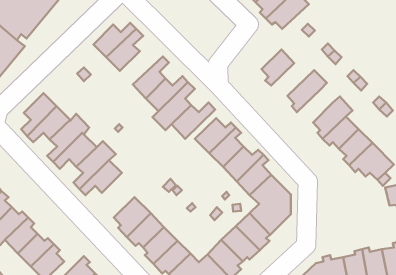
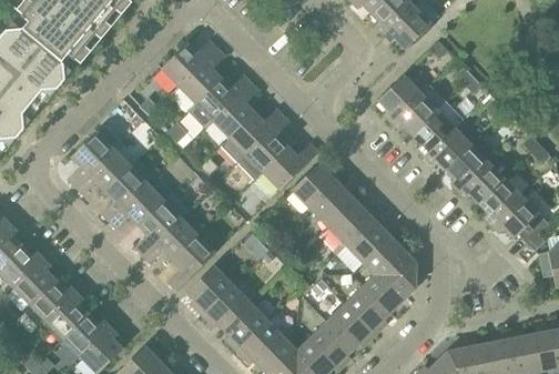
building: none -> [187,74,251,128]
building: none -> [390,84,446,134]
building: none -> [424,127,470,169]
building: none -> [169,234,215,290]

